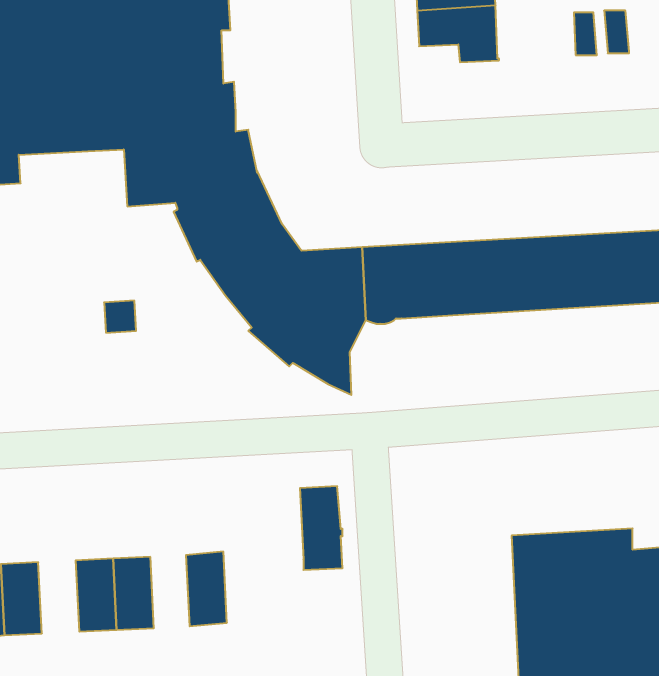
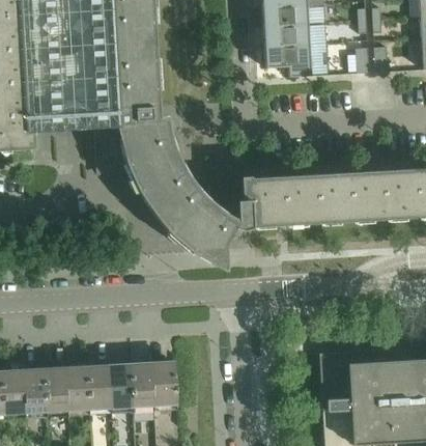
building: [300,486,343,570] -> [153,360,178,409]
building: none -> [111,363,134,406]
building: none -> [46,366,69,409]

